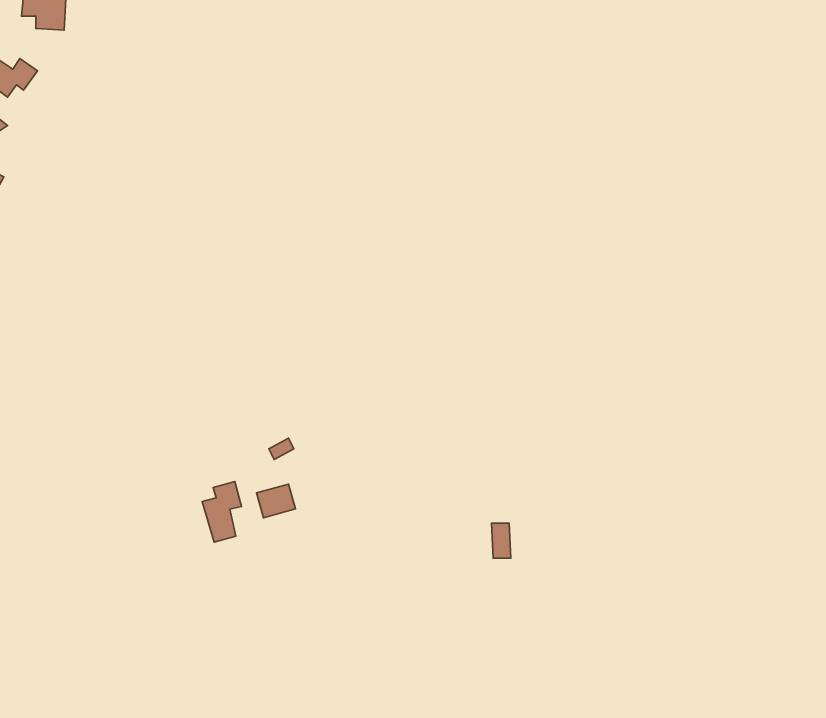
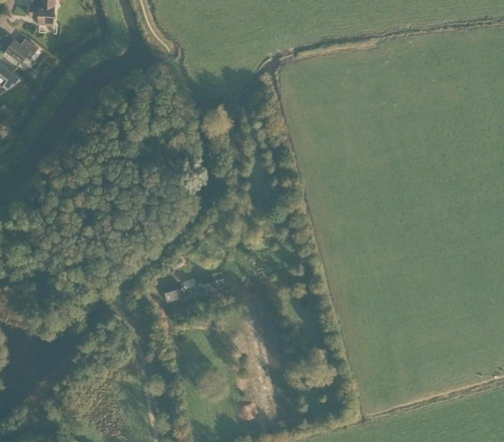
building: [202,482,242,542] -> none

